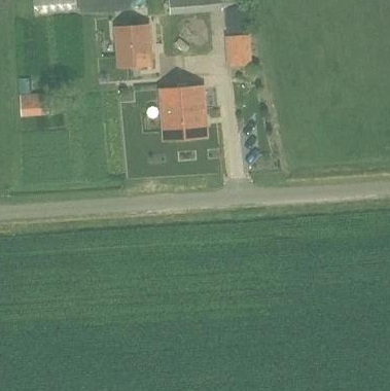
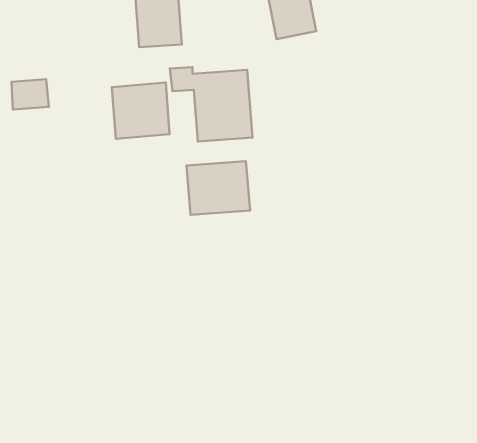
building: none -> [112,83,170,139]
building: none -> [186,161,250,215]

